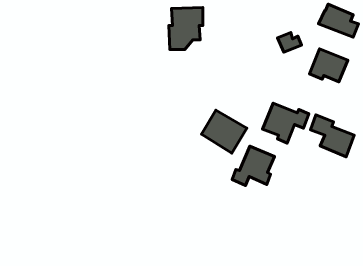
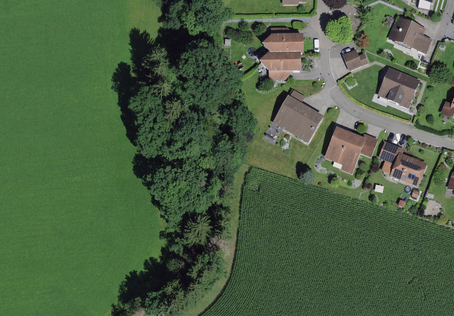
building: [169,8,203,50] -> [266,33,304,80]
building: [201,110,247,153] -> [272,95,323,143]
building: [232,146,275,186] -> none

